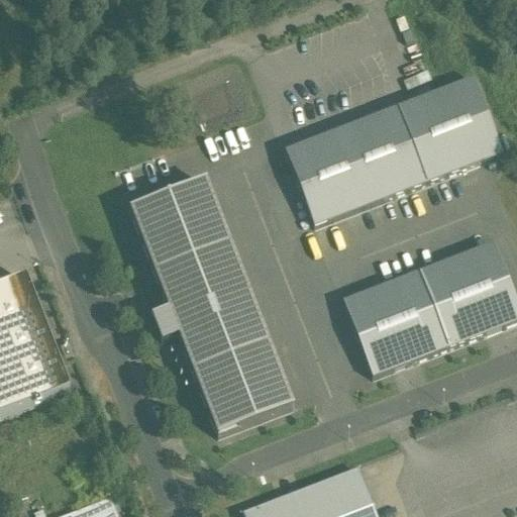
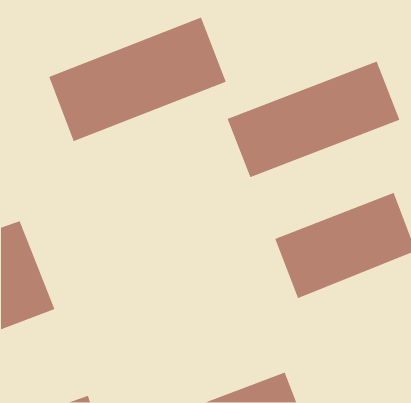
building: none -> [48,17,227,142]
building: [130,179,294,433] -> none

